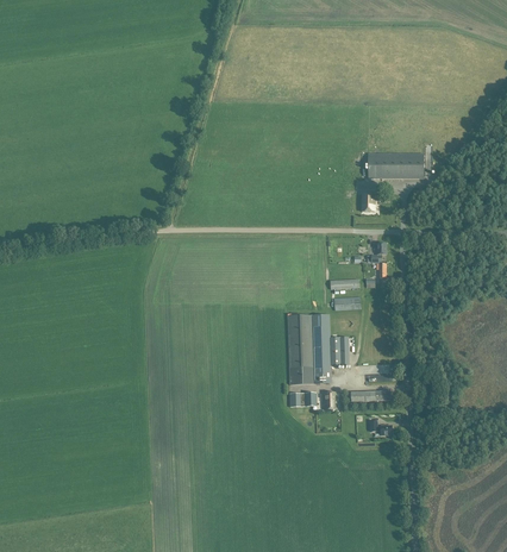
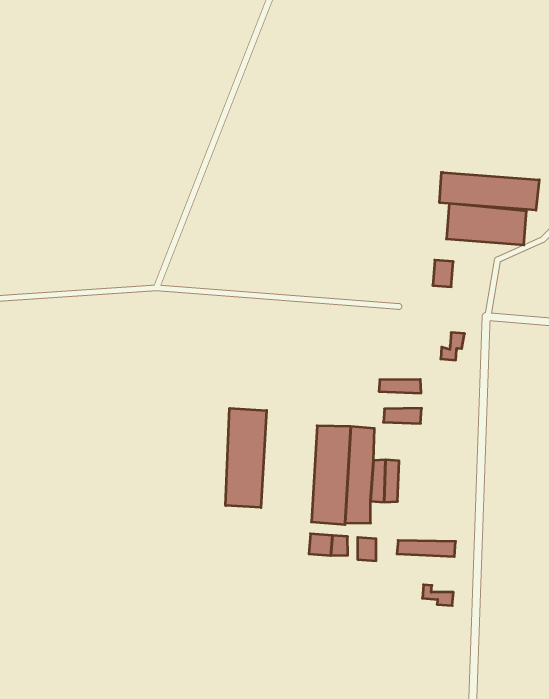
building: none -> [440,172,539,210]
building: none -> [226,408,267,508]

